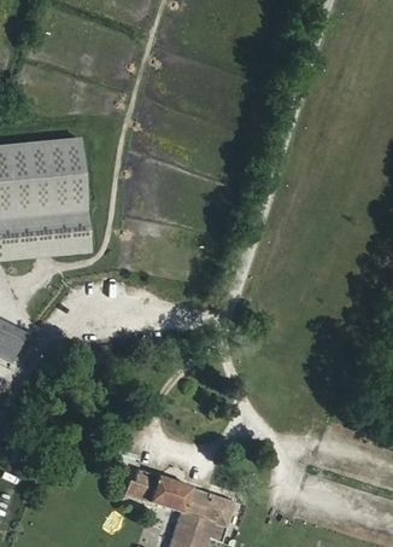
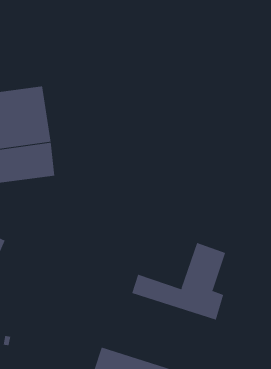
building: none -> [132,242,226,320]

